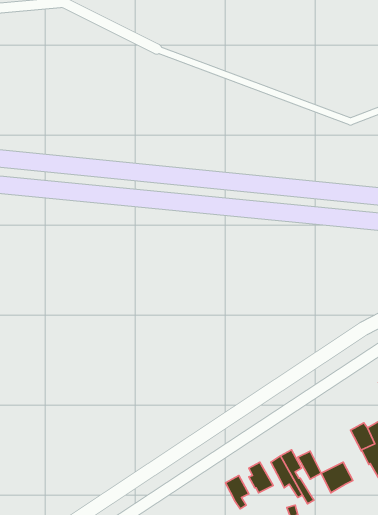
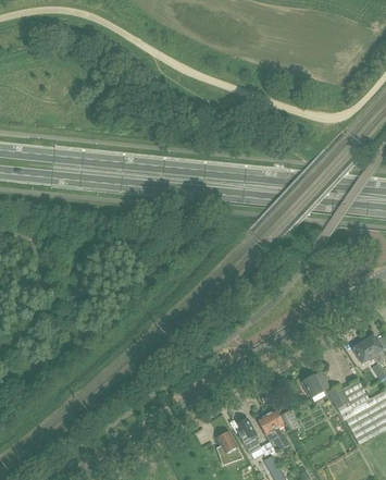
building: [321,462,353,493] -> [301,370,329,397]

